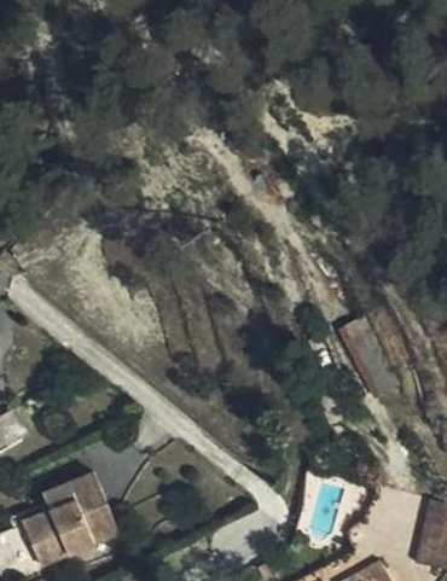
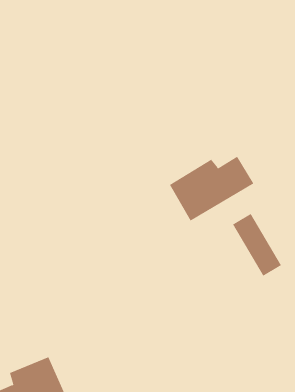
building: none -> [169,156,254,221]

